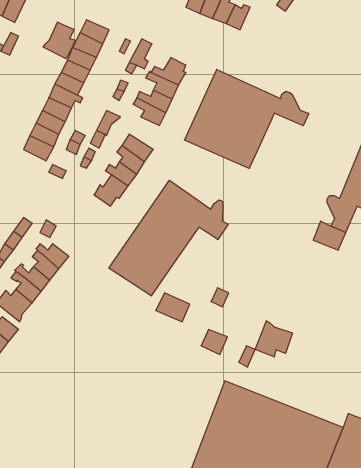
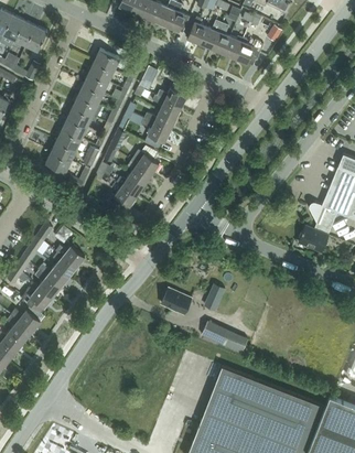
building: none -> [235,37,263,65]
building: [43,22,75,59] -> none
building: [185,69,309,168] -> none
building: [109,180,228,296] -> none
building: [255,321,292,357] -> none

